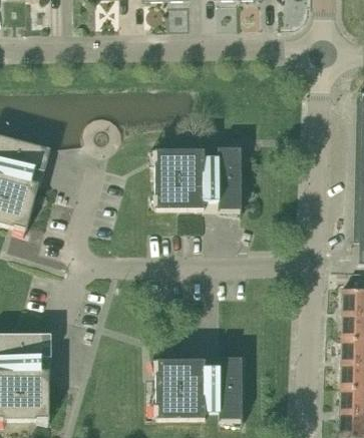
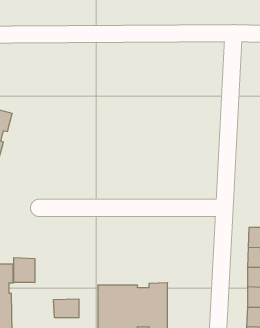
building: [154,147,241,211] -> none
building: none -> [14,258,35,283]
building: none -> [54,299,79,318]

